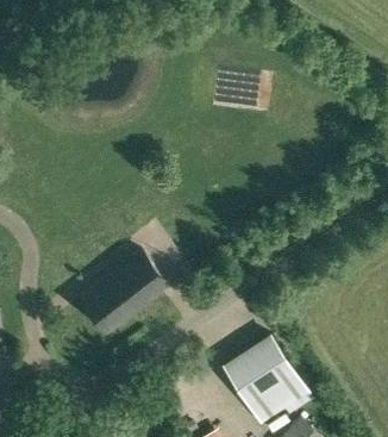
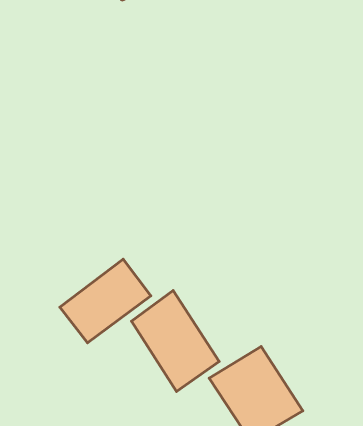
building: none -> [132,291,219,391]

